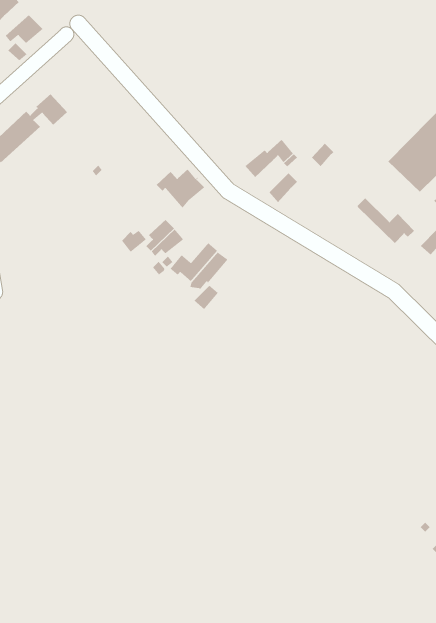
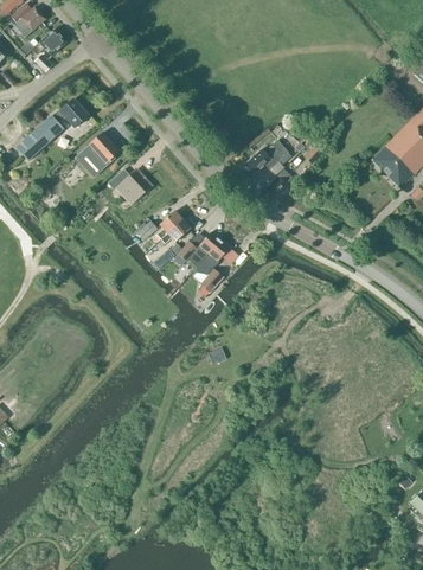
building: none -> [73,133,118,171]
building: [156,169,205,209] -> [107,169,150,205]
building: [357,198,415,244] -> none

